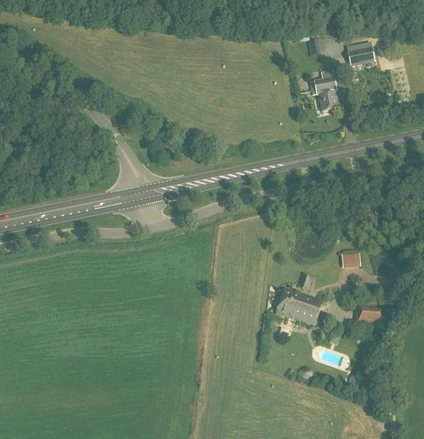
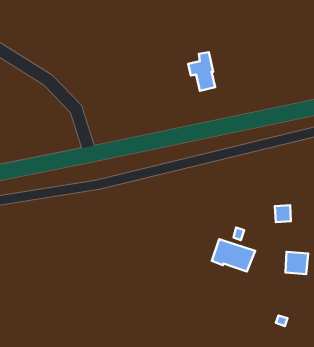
building: [345,46,373,66] -> none
building: [307,69,337,112] -> [188,52,215,91]

